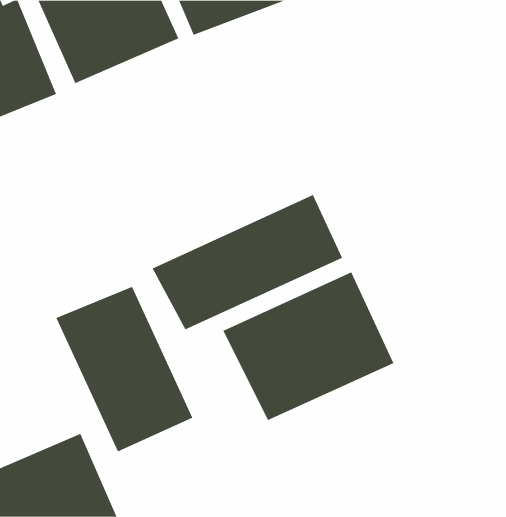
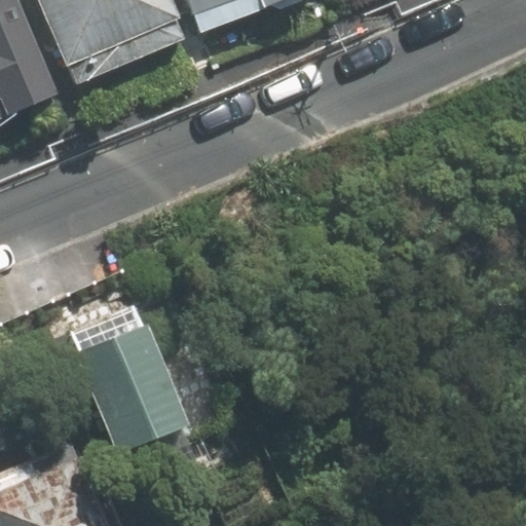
building: [152,194,343,330] -> none
building: [223,271,394,421] -> none

